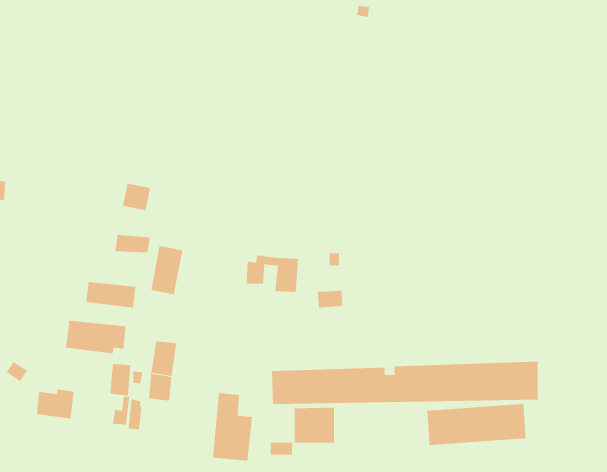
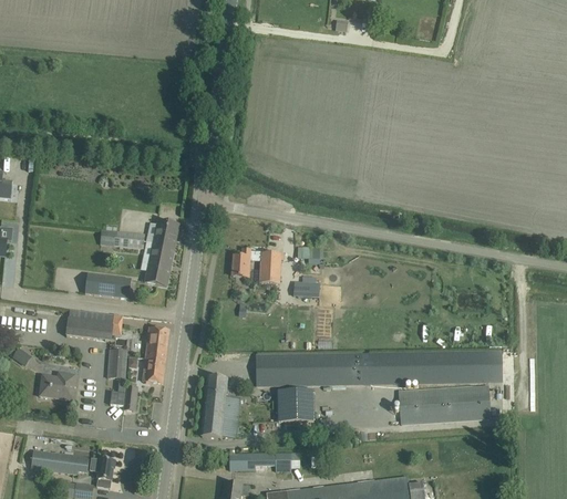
building: [122,183,151,211] -> [152,219,178,245]

